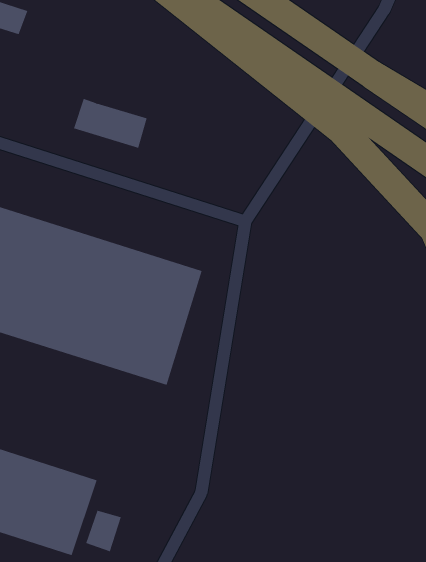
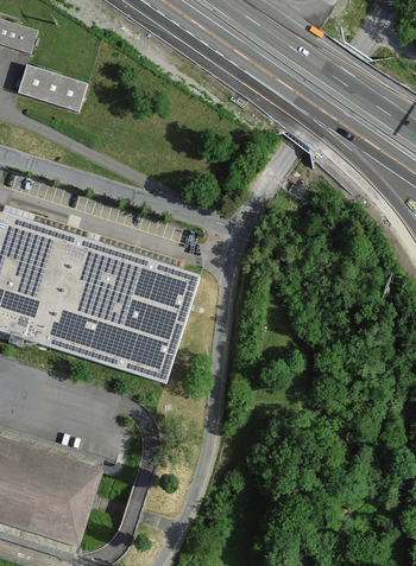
building: [73,98,148,149] -> [14,65,84,113]
building: [85,510,121,552] -> none

